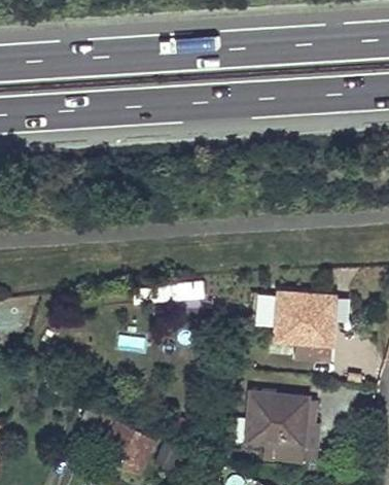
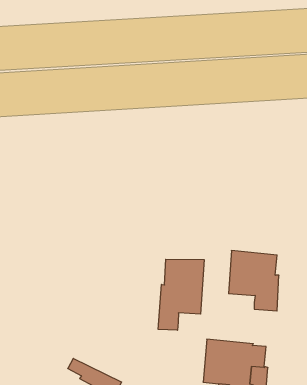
building: none -> [158,259,204,330]

